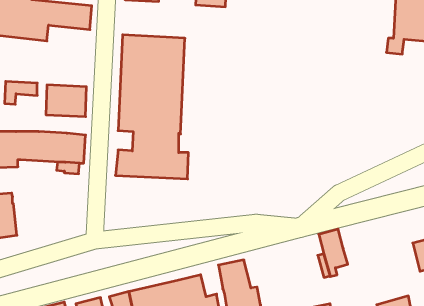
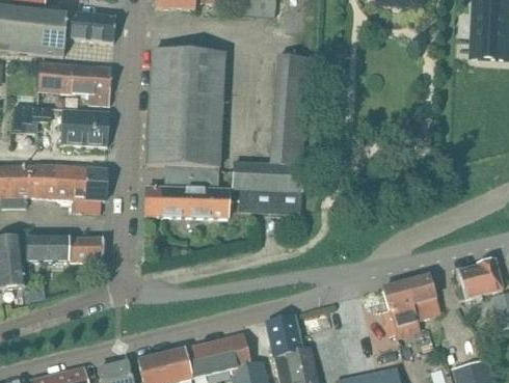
building: none -> [231,55,310,213]
building: none -> [37,59,111,104]
building: none -> [25,236,102,261]
building: none -> [456,259,503,299]
building: none -> [406,272,439,320]

